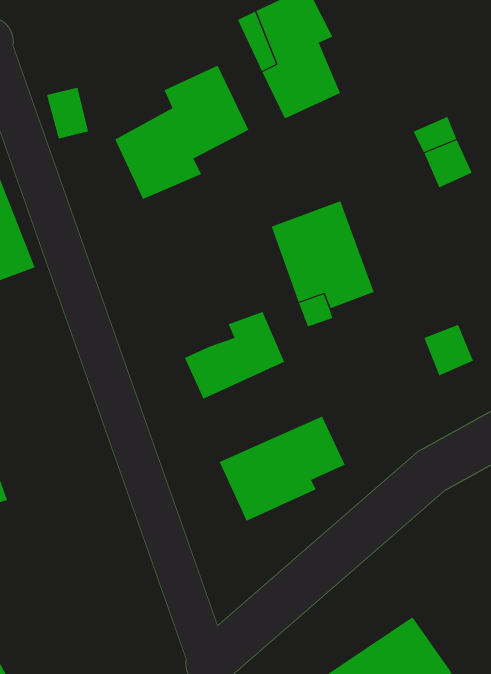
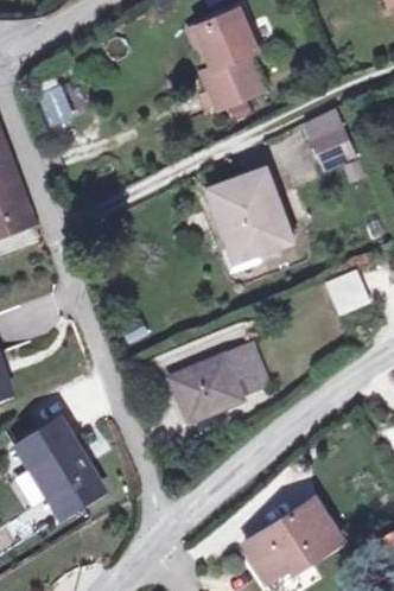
building: [114,65,249,200] -> none
building: [184,311,285,399] -> none
building: none -> [12,419,98,516]

